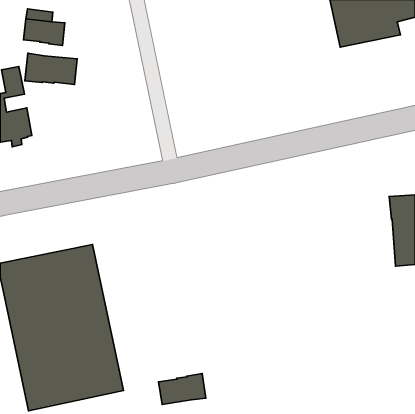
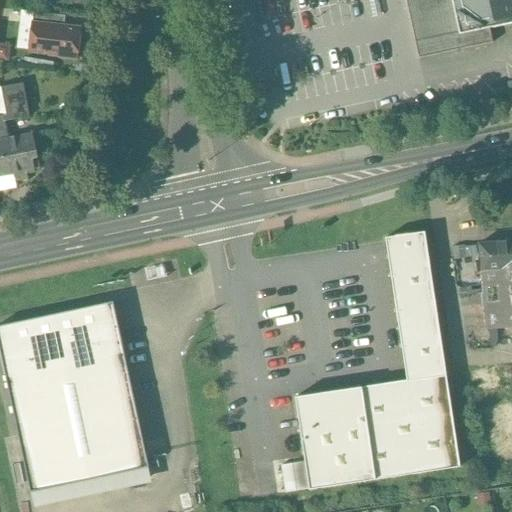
building: [25,53,77,84] -> none
building: none -> [281,231,460,491]
building: [159,374,206,405] -> none

